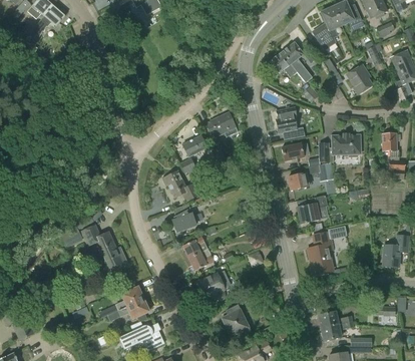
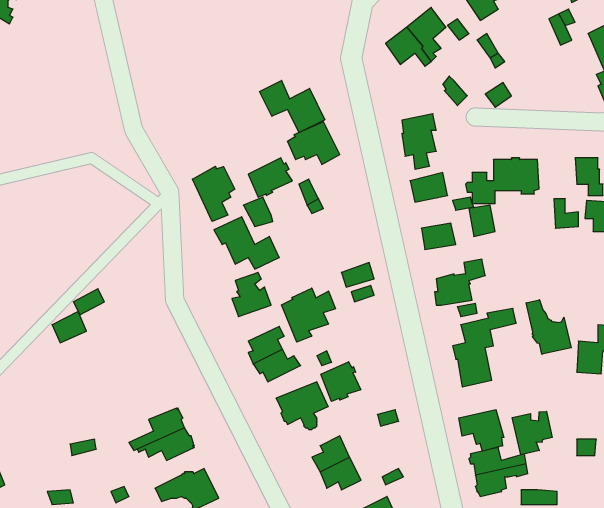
building: [347,64,371,94] -> none
building: none -> [260,80,325,133]
building: none -> [192,166,235,221]
building: none -> [282,288,336,342]
building: none -> [526,300,571,354]
building: [81,225,126,271] -> none
building: none -> [321,362,361,401]
building: none -> [459,410,504,451]
building: none -> [512,411,552,455]

